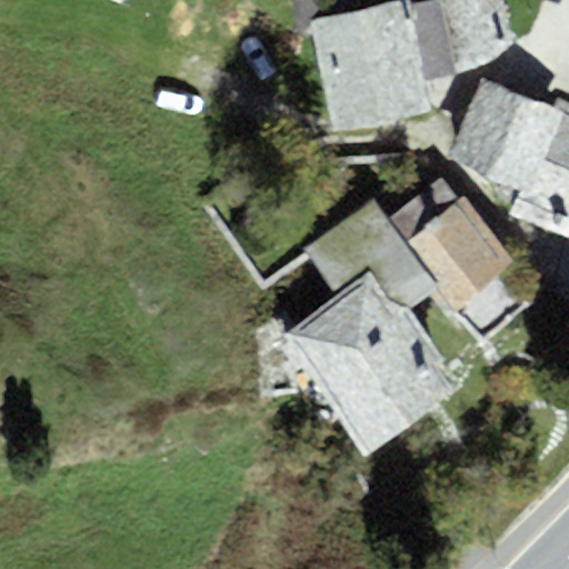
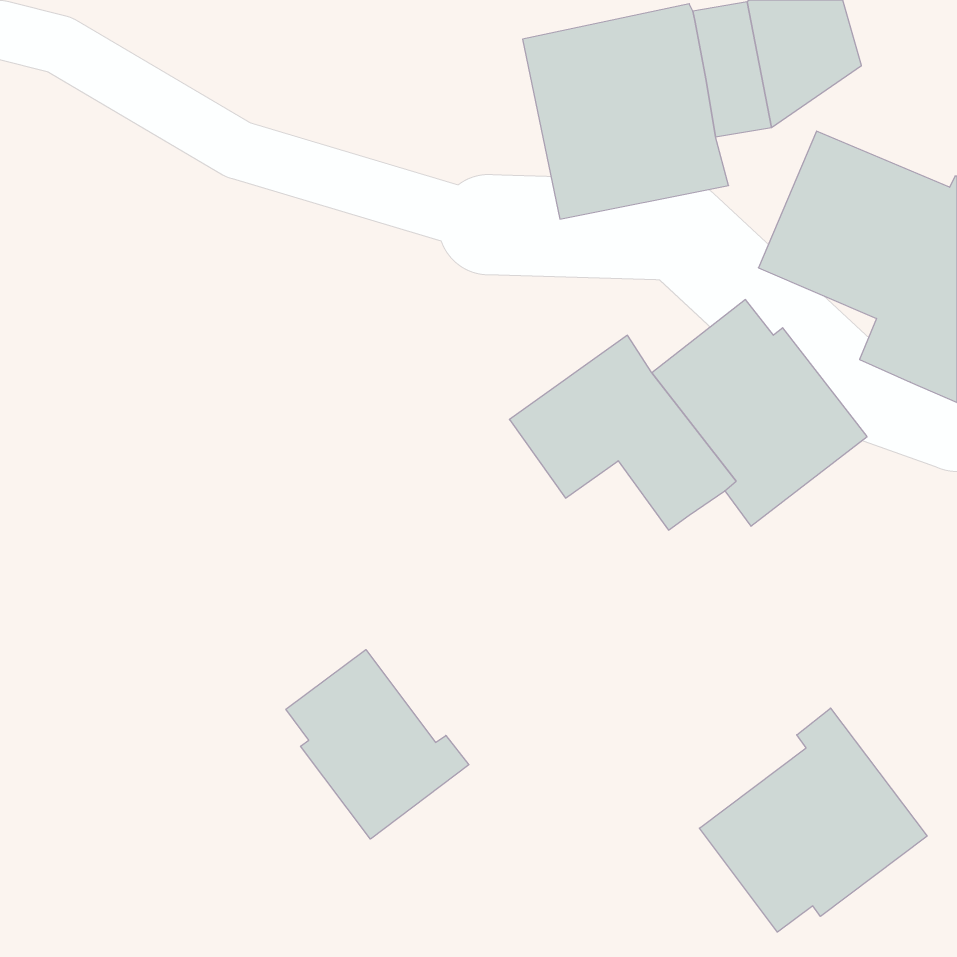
building: [278,273,452,456] -> none
building: none -> [286,650,469,839]
building: none -> [699,708,927,932]

